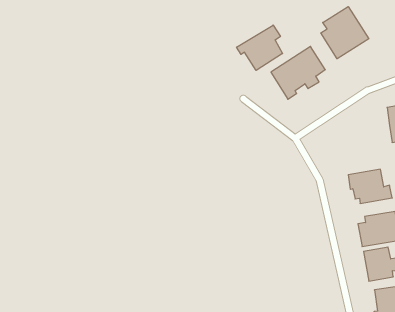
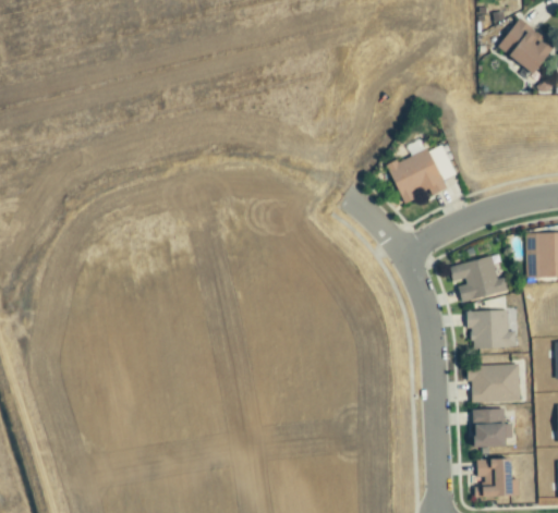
building: [321,7,369,59] -> none
building: [237,25,283,70] -> none
building: none -> [449,256,510,302]

